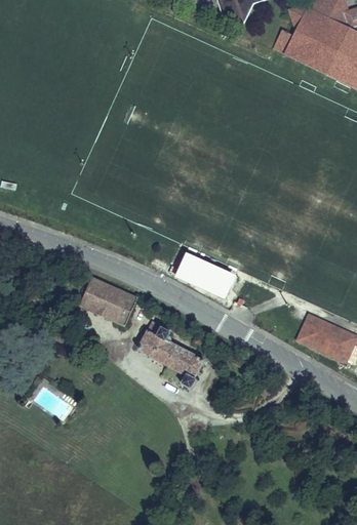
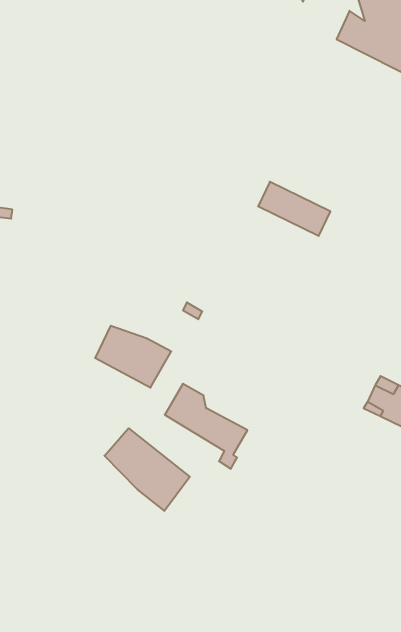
building: [168,253,226,296] -> [258,182,330,236]
building: none -> [104,428,190,511]

